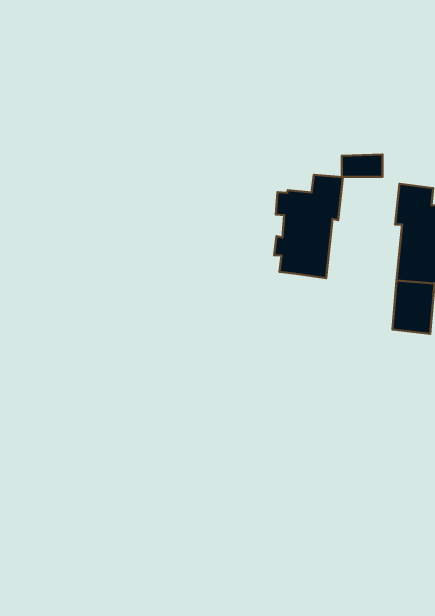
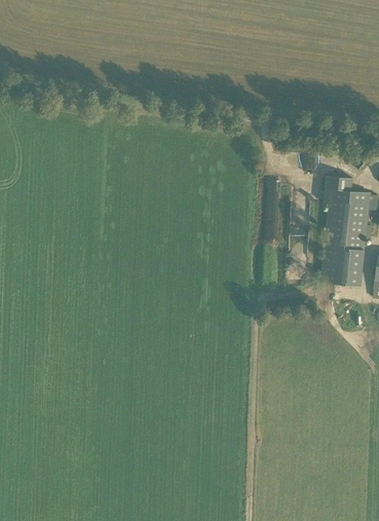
building: [274,175,343,278] -> none

